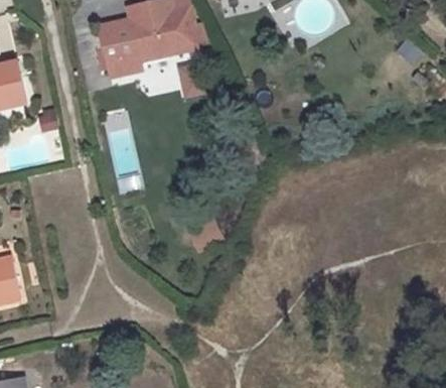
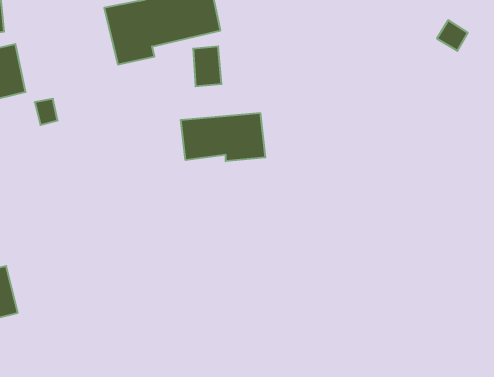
building: none -> [181,113,265,161]

